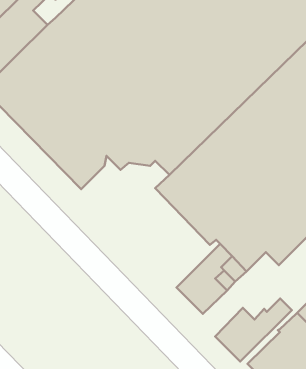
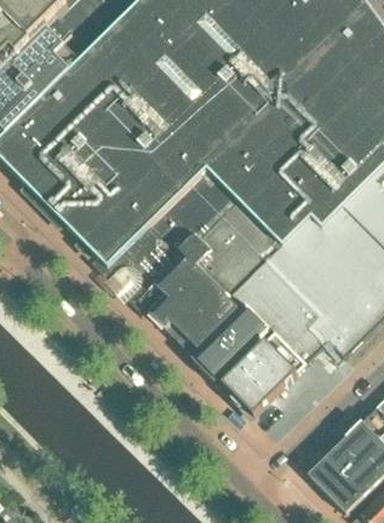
building: none -> [137,231,263,378]
building: [215,299,292,362] -> none

